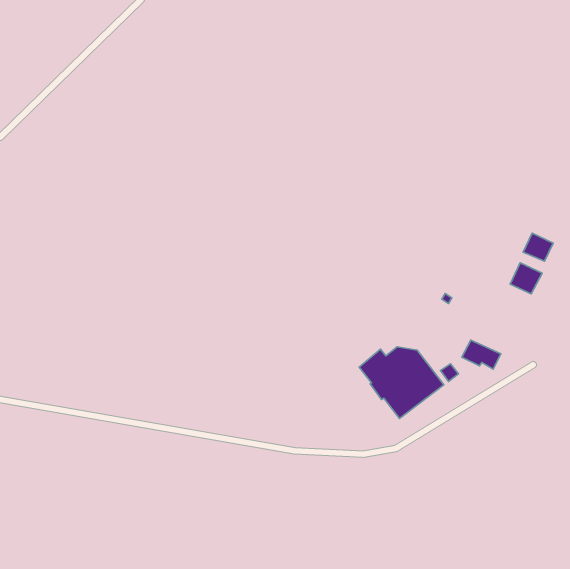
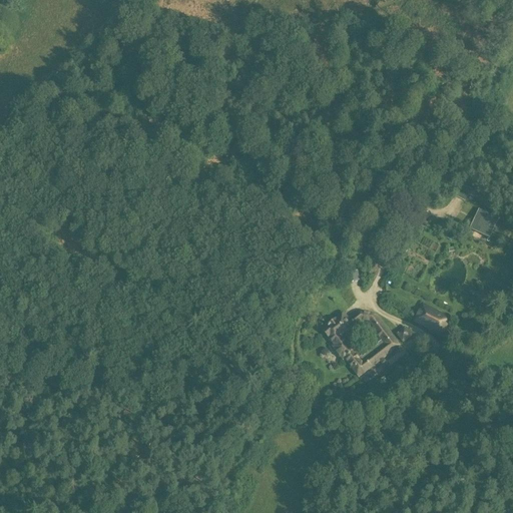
building: [510,263,542,294] -> none

